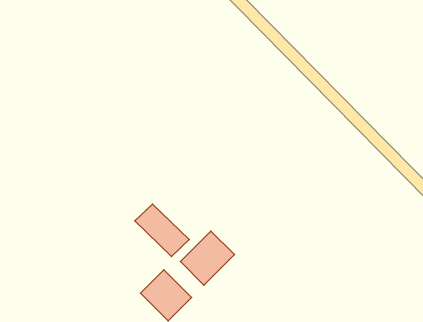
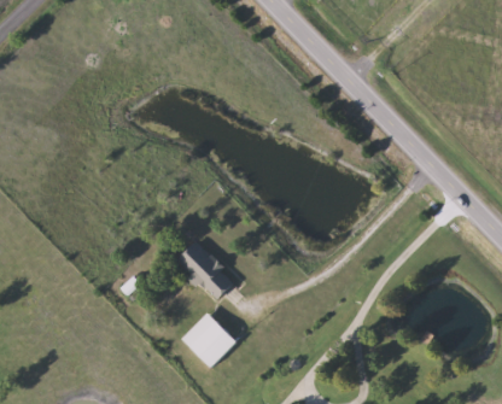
building: [180,231,234,285] -> none

